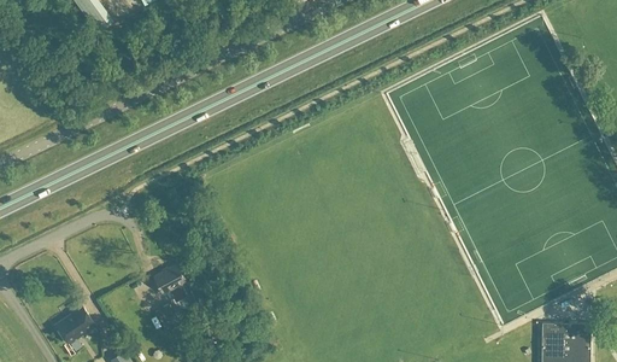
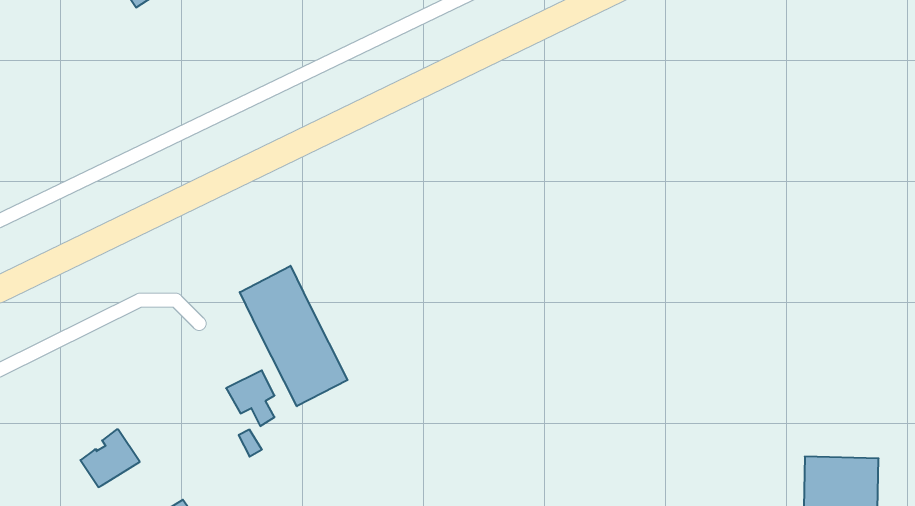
building: none -> [240,266,348,406]

